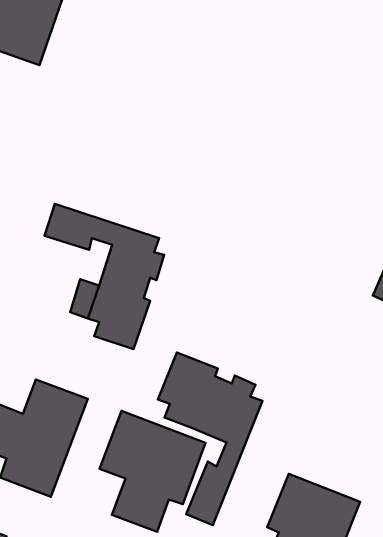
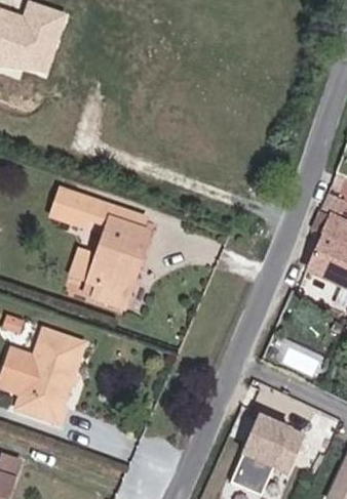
building: [158,353,262,525] -> none
building: [100,411,206,532] -> none

